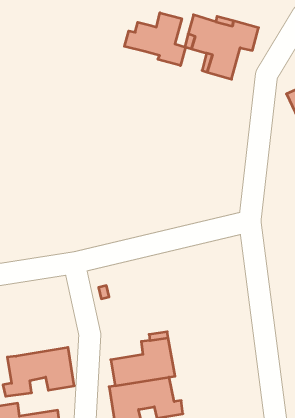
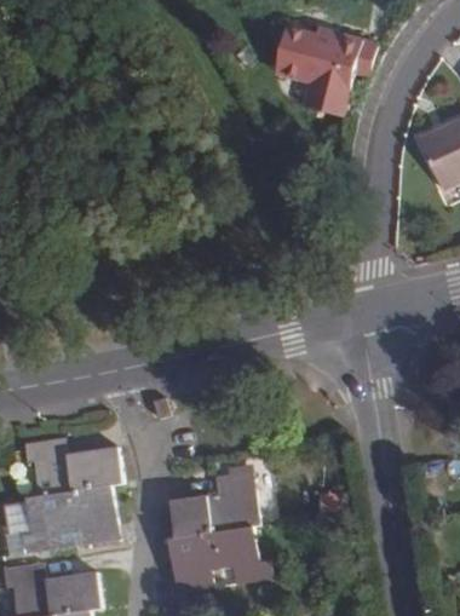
building: [124,13,185,66] -> none
building: none -> [24,438,123,497]

